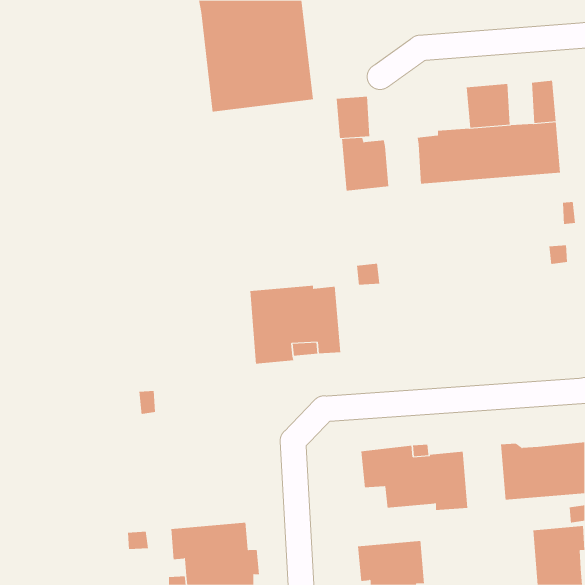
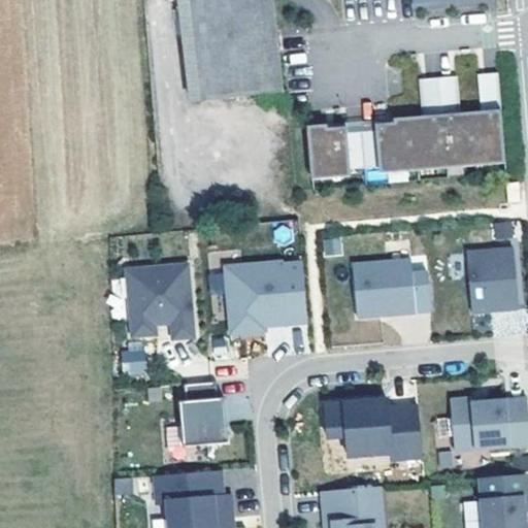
building: [336,96,370,139] -> [348,130,378,168]
building: none -> [467,249,519,314]
building: none -> [353,260,416,318]
building: none -> [122,265,190,339]
building: none -> [174,382,224,448]

